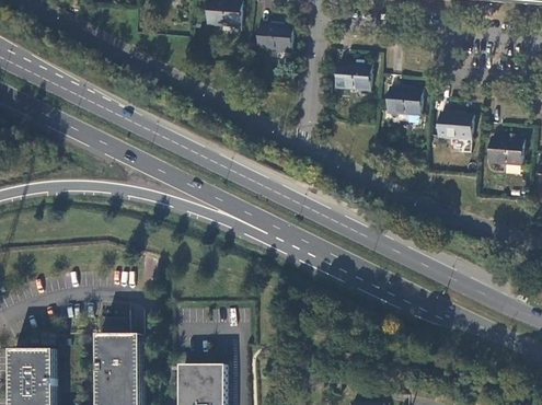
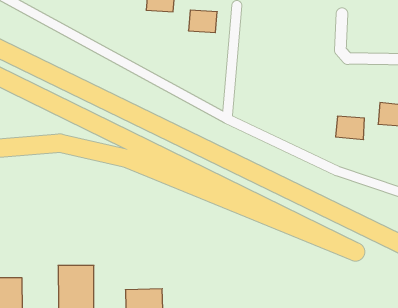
building: [333,62,368,90] -> none
building: [383,86,418,115] -> none
building: [434,112,469,140] -> [336,116,364,140]

